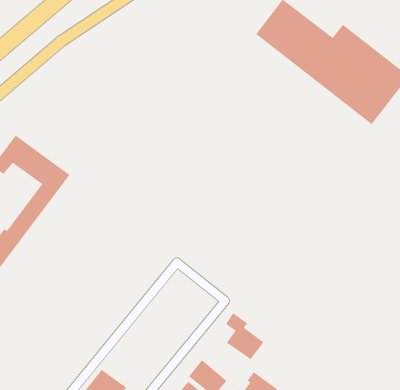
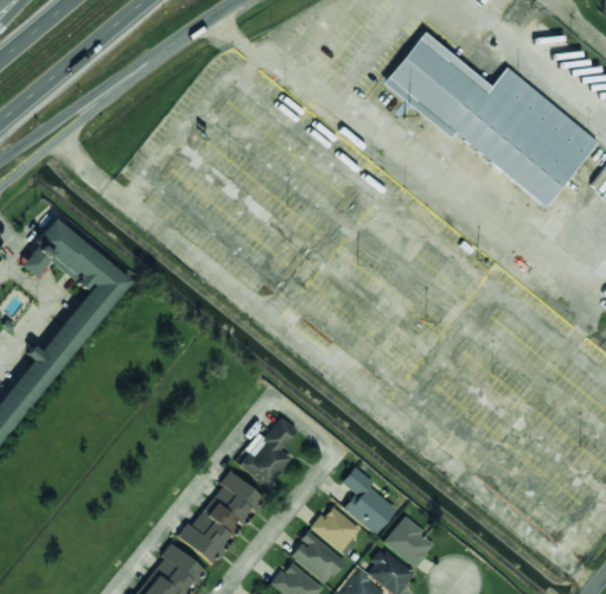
building: none -> [241,417,298,487]
building: none -> [180,471,267,566]
building: none -> [312,506,364,554]
building: none -> [385,516,434,567]

